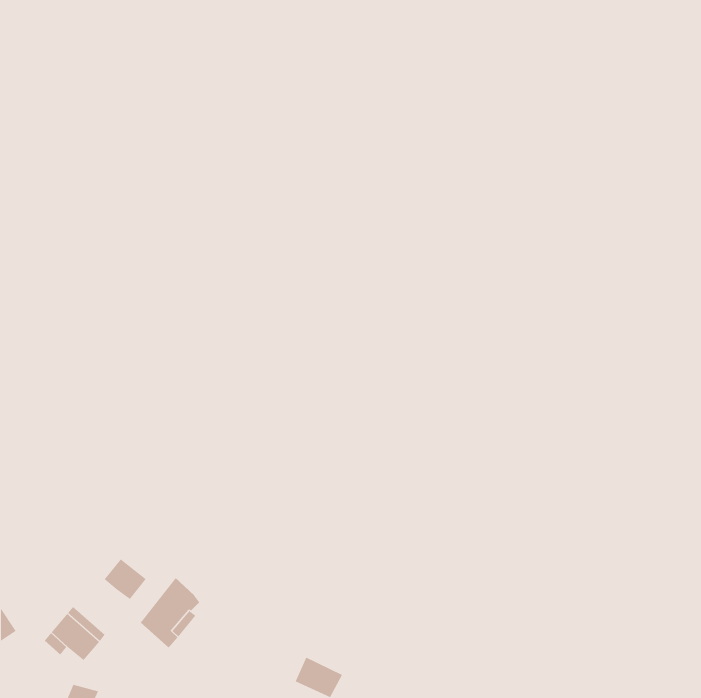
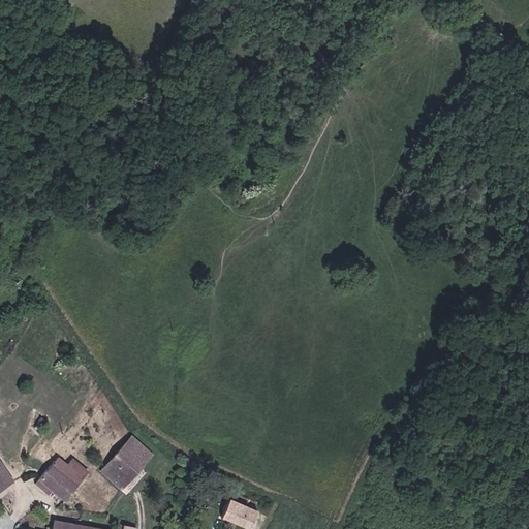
building: [104,559,147,600] -> none

